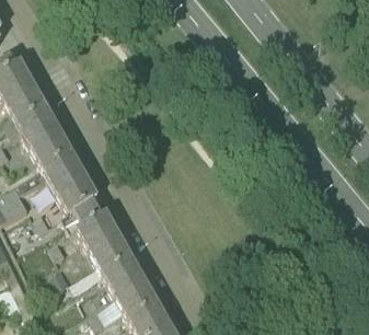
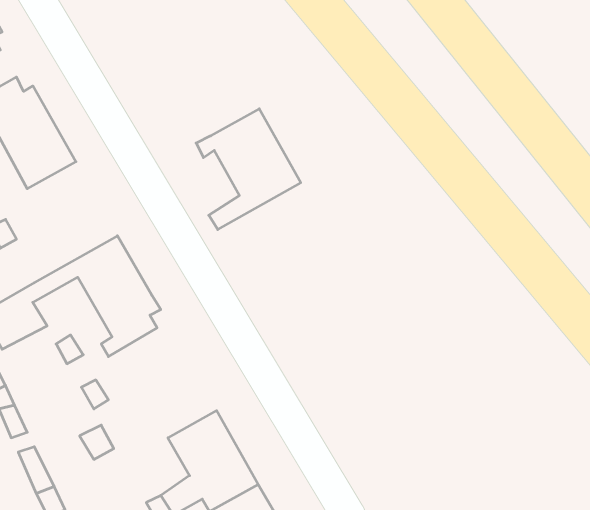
building: [12,111,76,184] -> [196,109,301,230]
building: [70,211,136,278] -> none

